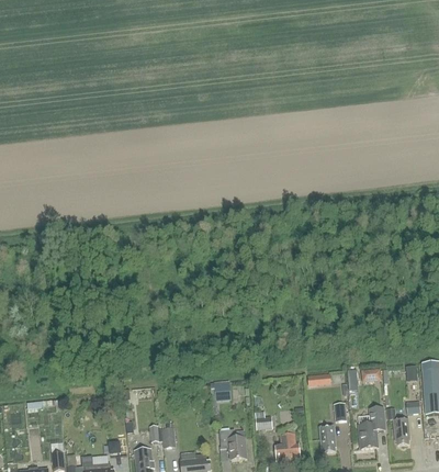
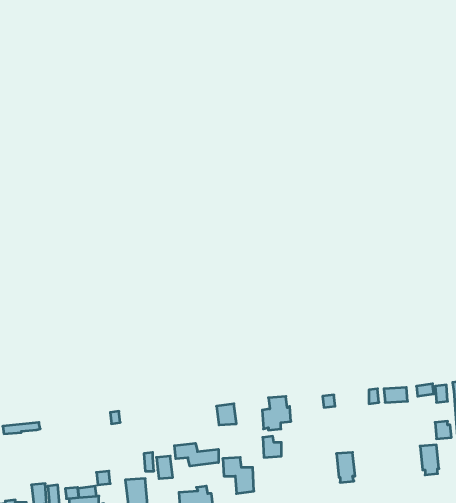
building: [358,406,385,448] -> none
building: none -> [174,443,218,466]
building: [274,434,300,463] -> [262,396,291,430]

